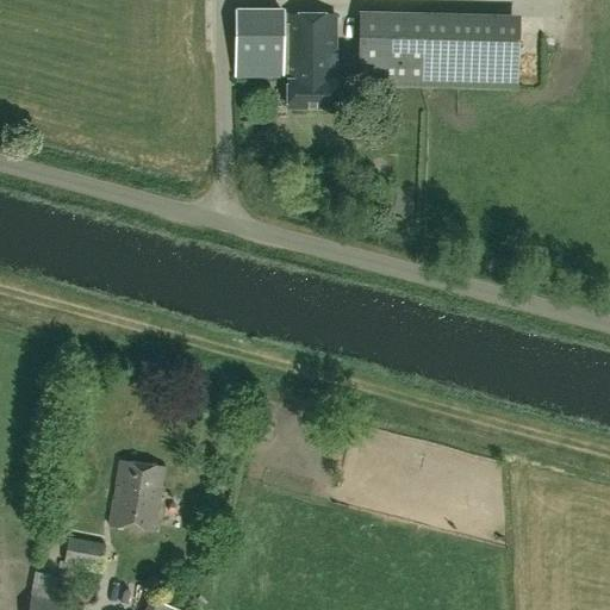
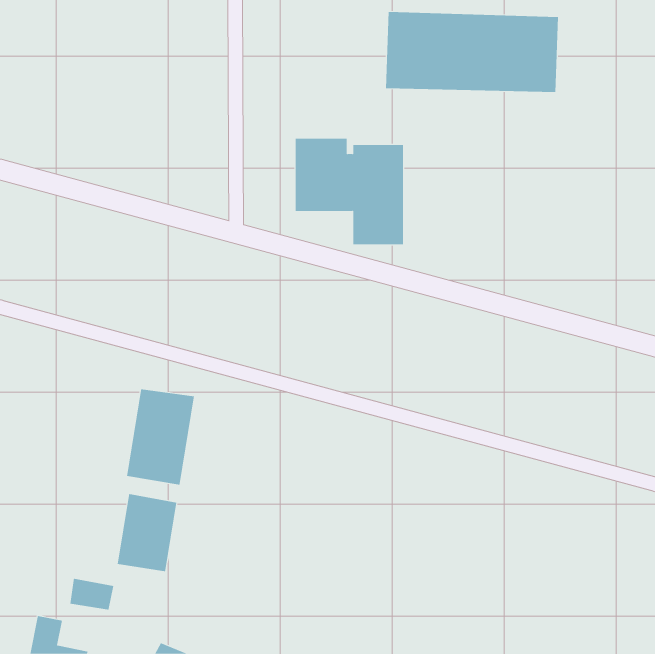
building: [235,6,336,105] -> [295,138,404,245]
building: none -> [127,388,194,485]

